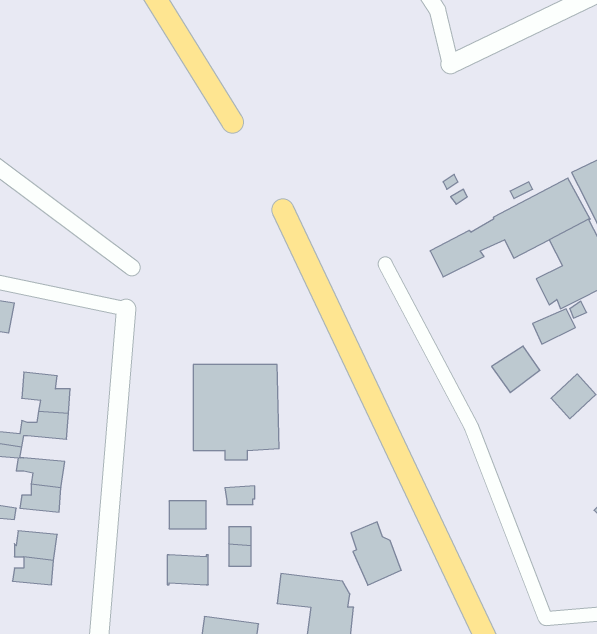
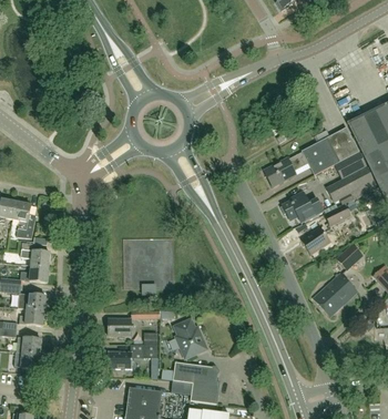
building: none -> [280,191,323,222]
building: none -> [13,201,37,238]
building: none -> [313,272,357,316]
building: [351,522,401,585] -> [175,319,205,357]

